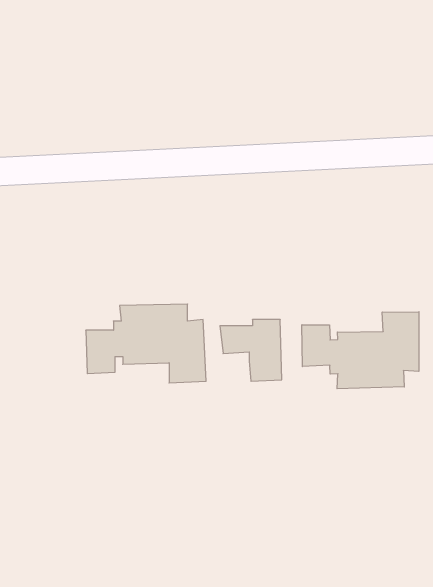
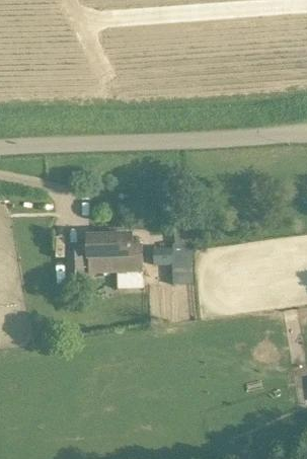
building: [302,312,419,389] -> none

